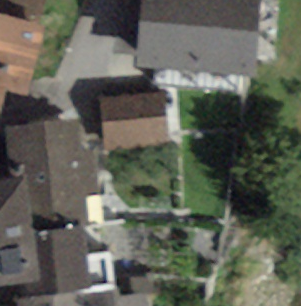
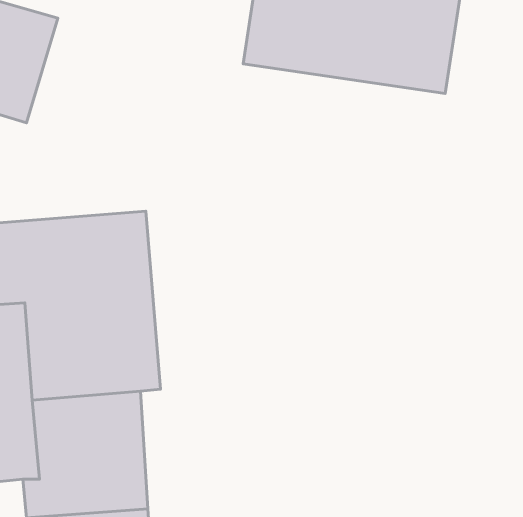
building: [105,92,180,154] -> none

